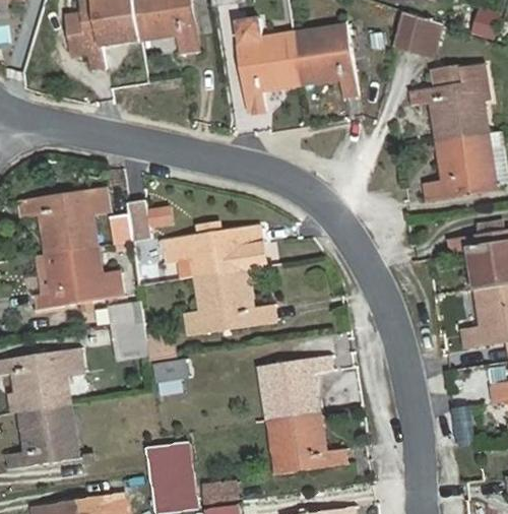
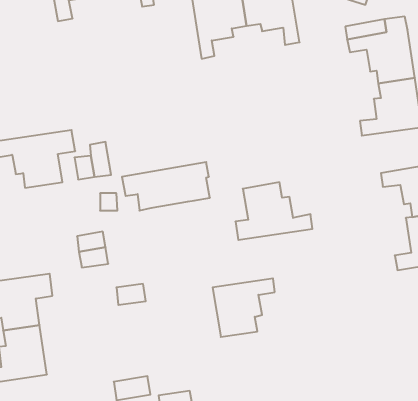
building: [33,249,122,314] -> none
building: [185,270,270,334] -> [235,182,312,240]
building: [270,414,345,475] -> none
building: [148,442,189,470] -> none

